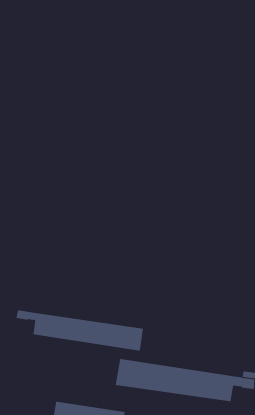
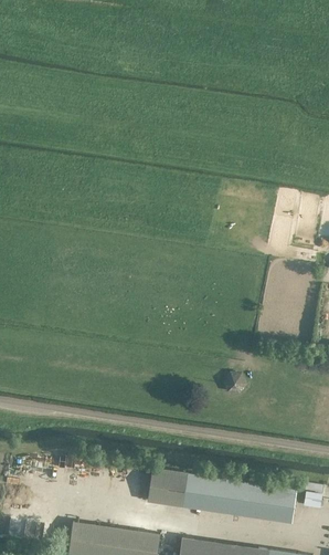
building: [16,309,143,351] -> none

